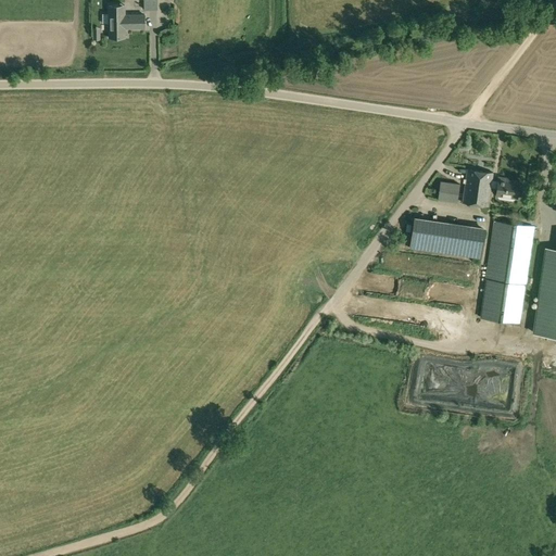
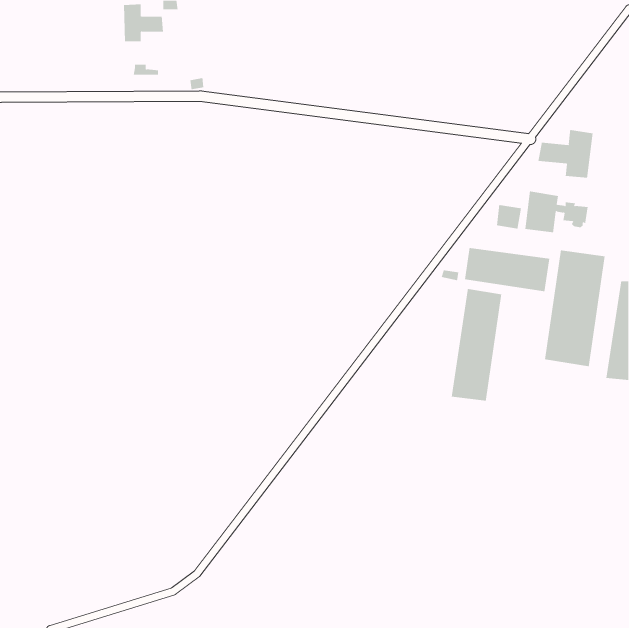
building: none -> [538,129,593,179]
building: none -> [451,288,502,401]

